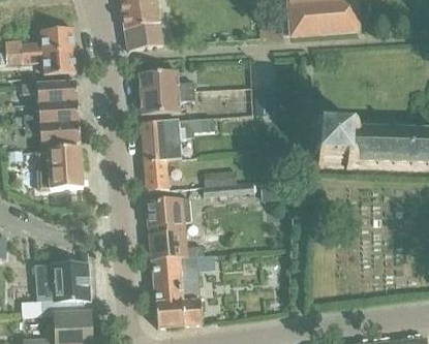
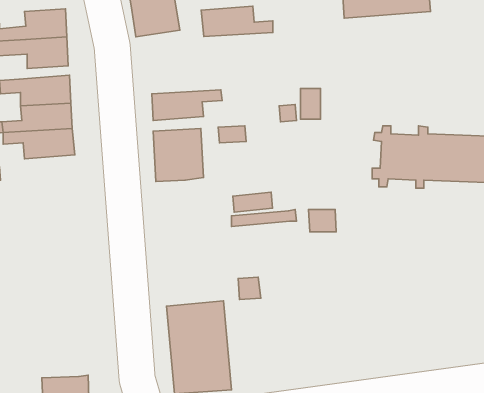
building: [137,70,193,94] -> [201,6,273,37]
building: [34,147,83,190] -> none
building: [143,161,166,191] -> none
building: [146,197,202,259] -> none
building: [34,248,88,315] -> none

